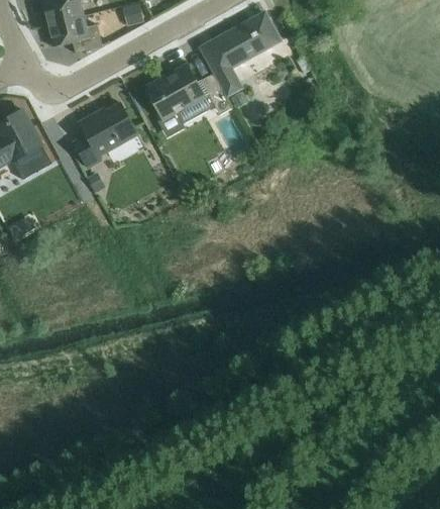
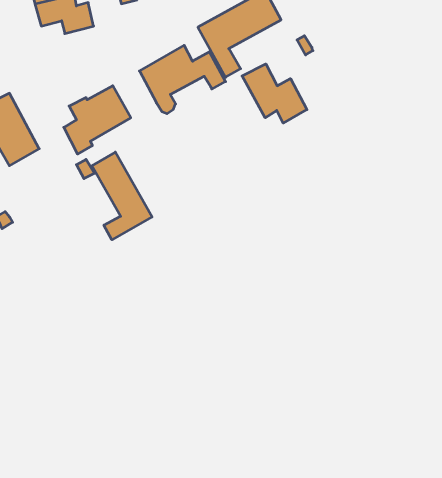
building: none -> [242,64,307,123]
building: none -> [92,152,152,240]

